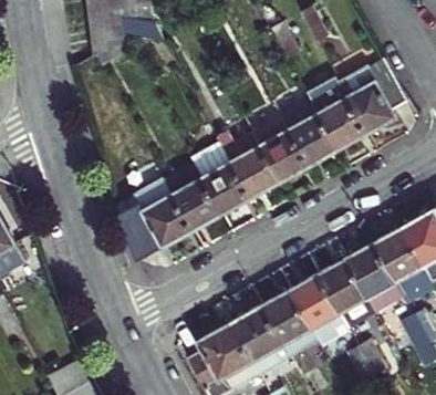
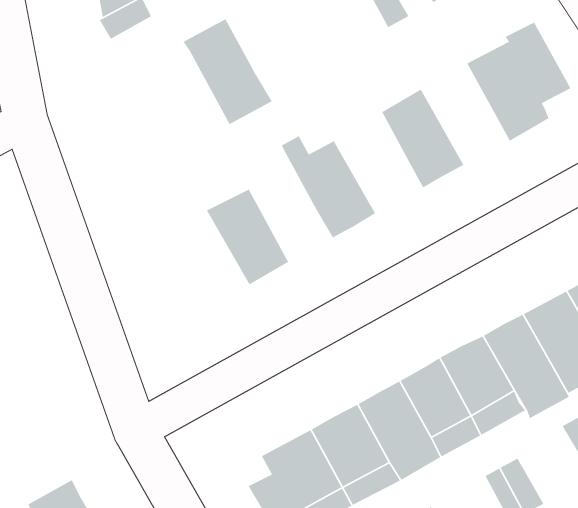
building: [305,82,364,149] -> none
building: [248,114,307,181] -> none
building: [187,143,247,214] -> [183,18,273,125]
building: [117,177,191,260] -> none

